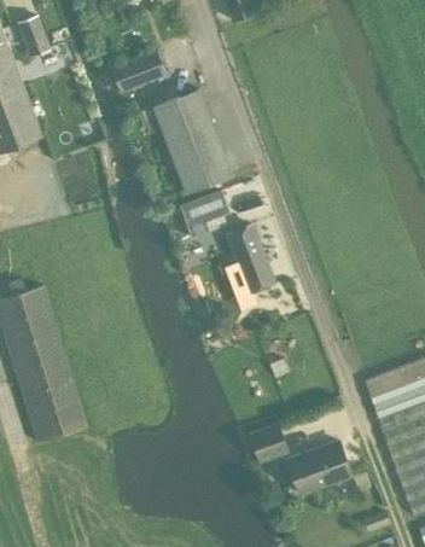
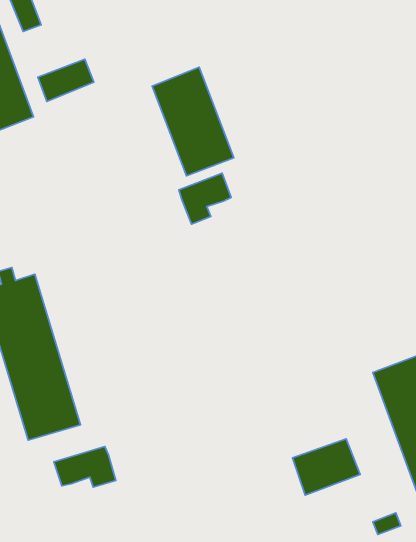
building: [112,53,165,93] -> [38,59,94,101]
building: [225,222,278,295] -> none
building: [251,429,287,462] -> none
building: none -> [54,446,116,487]

